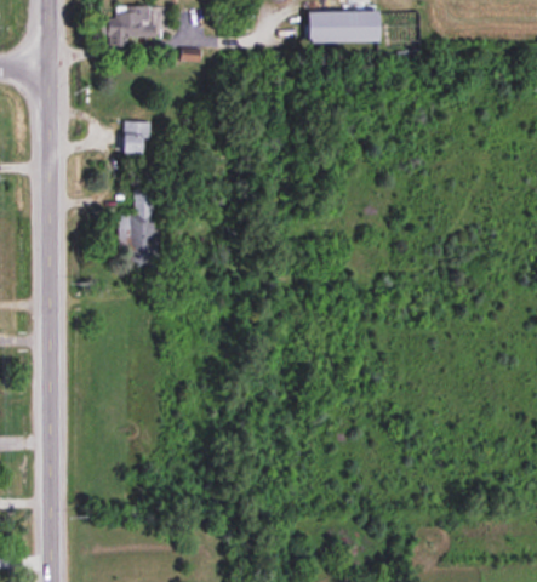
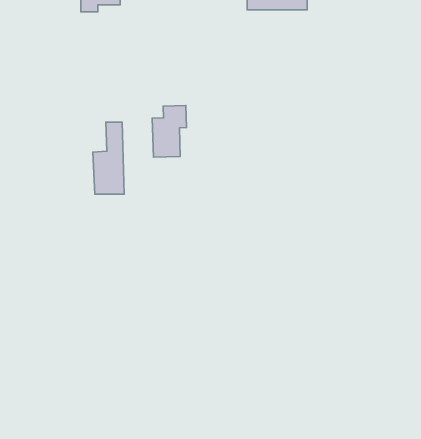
building: [124,121,150,153] -> none
building: none -> [152,106,187,157]

